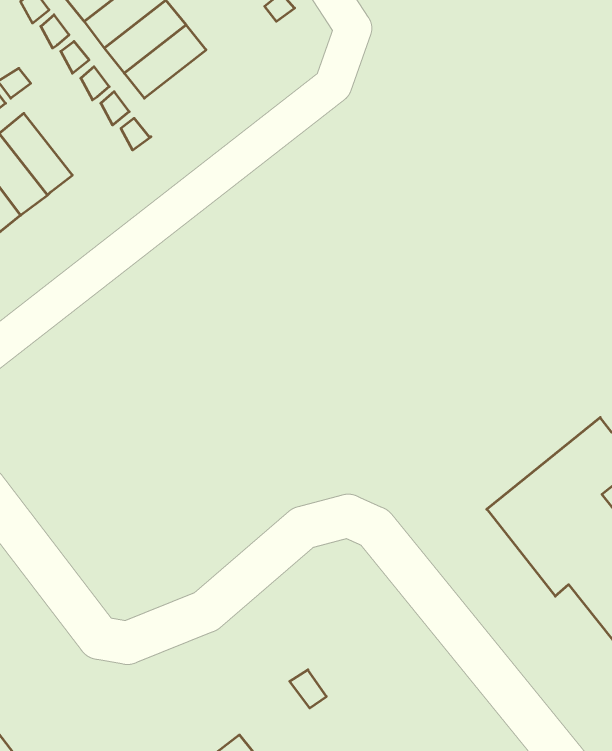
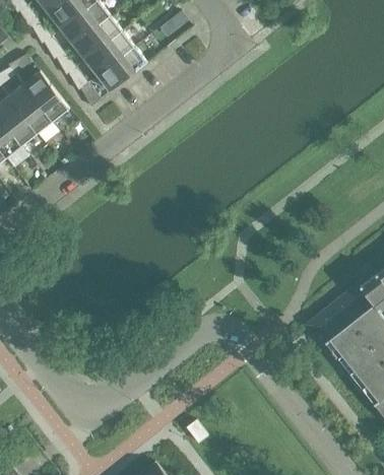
building: none -> [98,47,147,92]
building: none -> [24,72,70,123]

